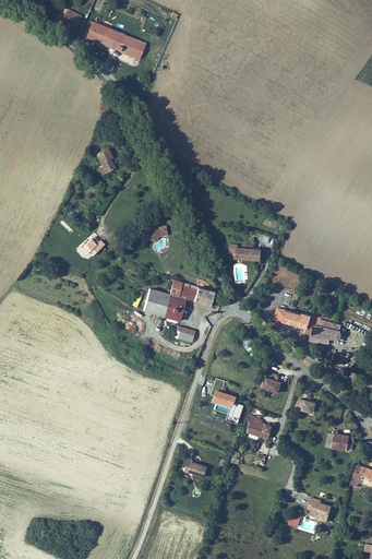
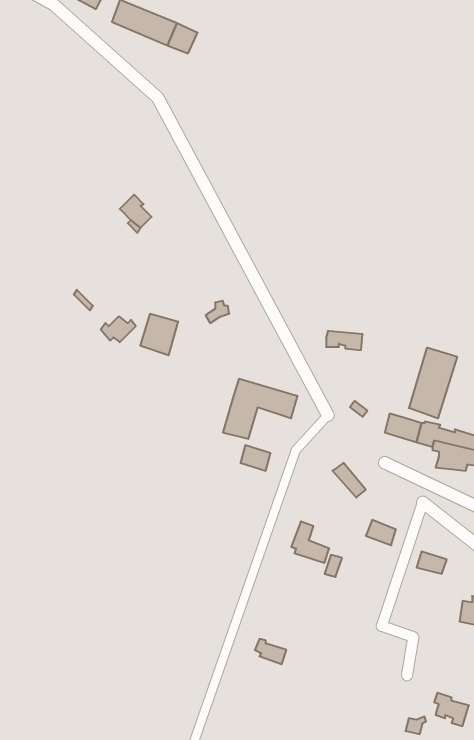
building: none -> [409,348,457,418]
building: [143,289,169,318] -> [140,314,178,355]
building: [245,413,272,442] -> none

